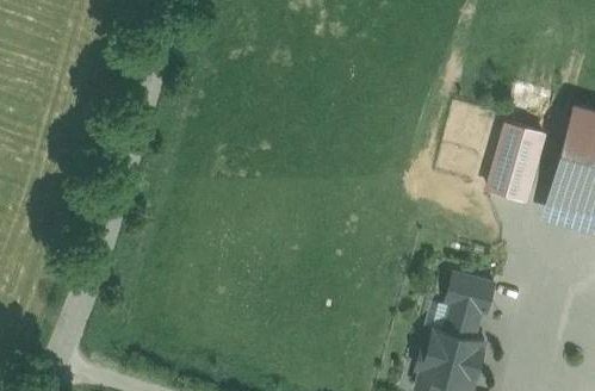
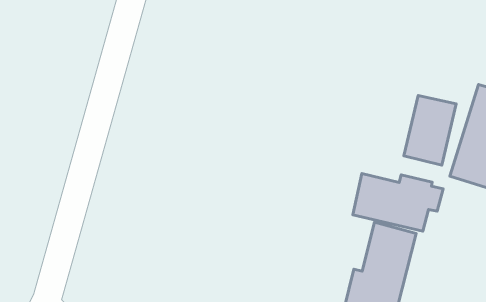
building: none -> [353,174,443,231]

